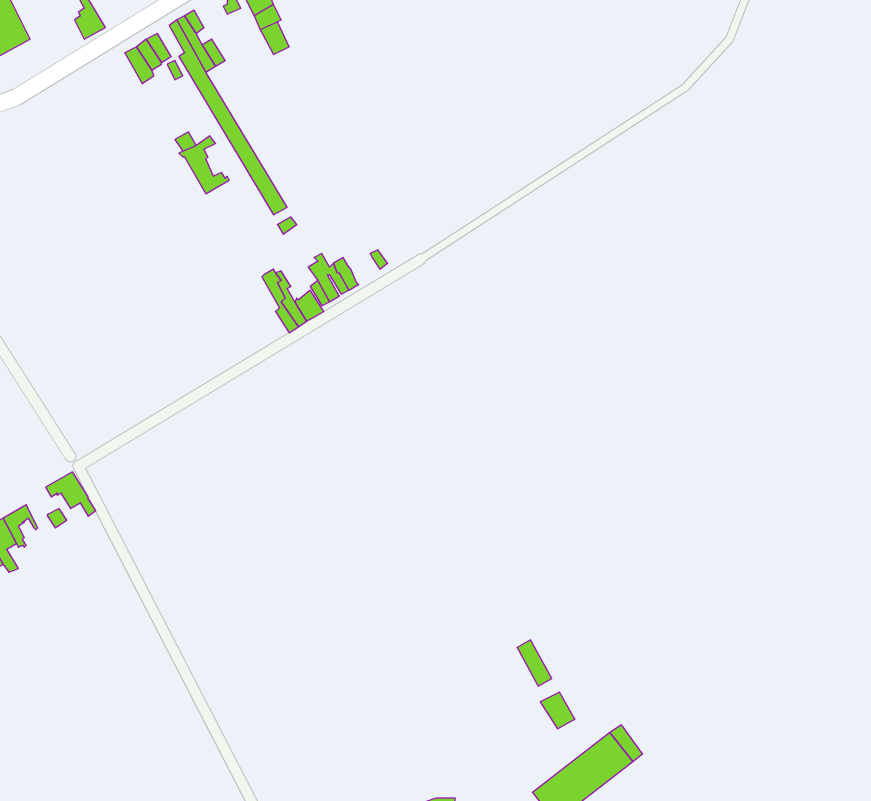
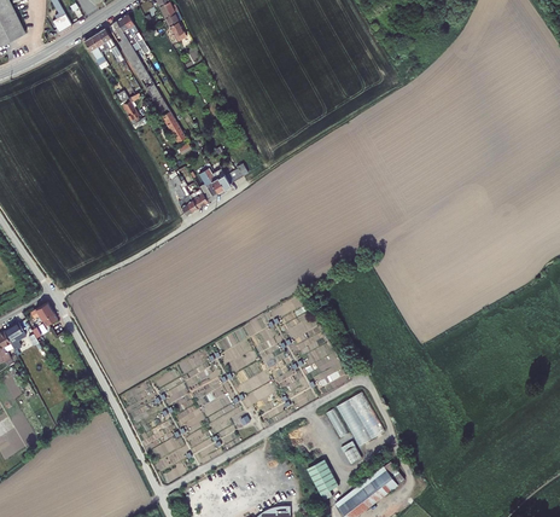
building: none -> [338,391,386,446]
building: none -> [309,459,340,500]

